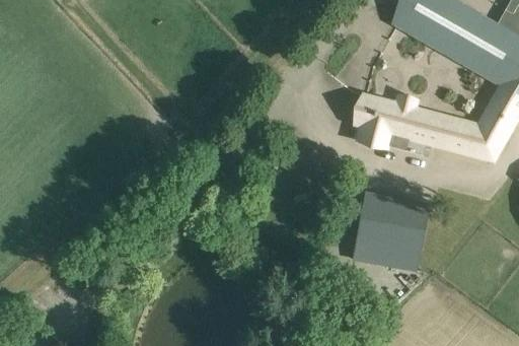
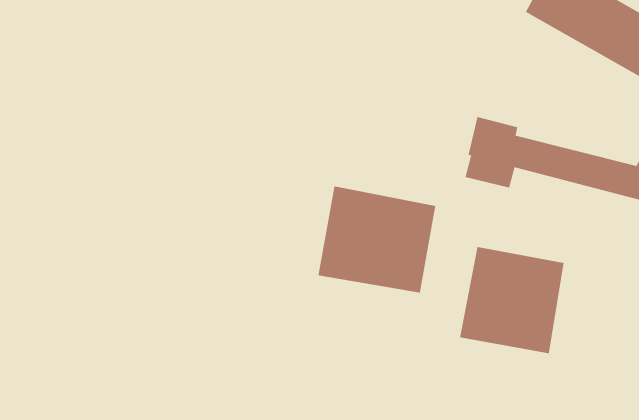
building: none -> [317,185,436,293]

